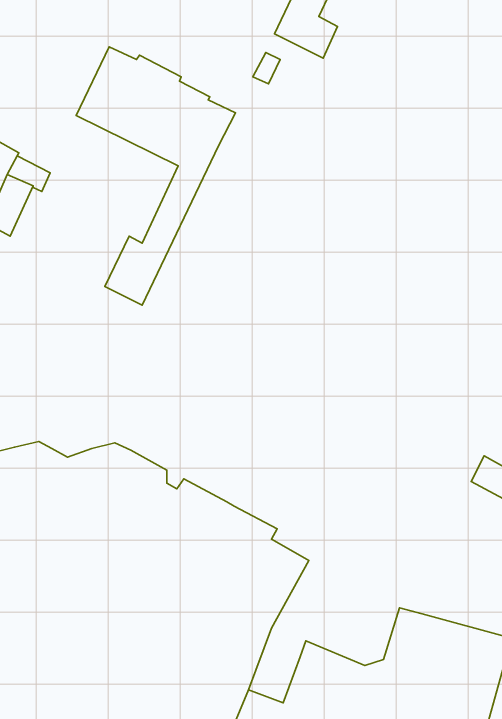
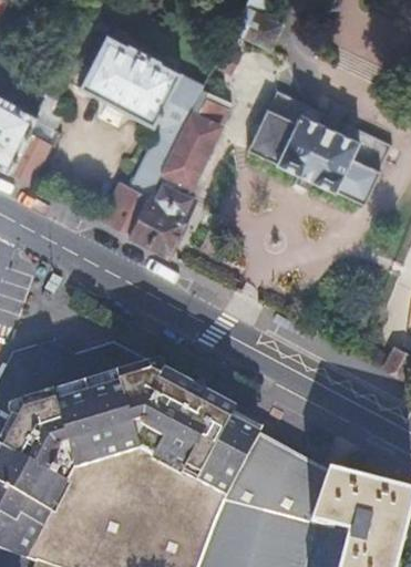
building: none -> [248,91,392,206]
building: none -> [131,97,229,257]
building: none -> [213,434,329,544]

